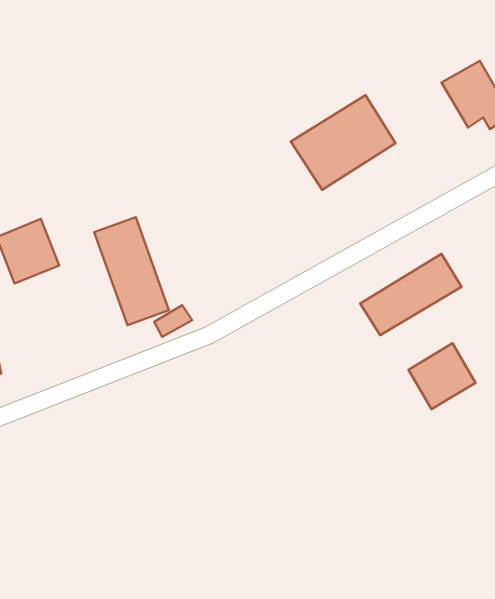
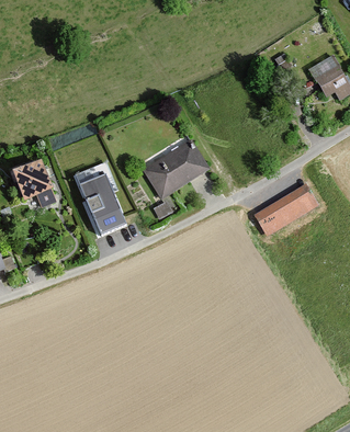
building: [291,95,395,190] -> [140,138,210,201]
building: [408,343,475,409] -> none

